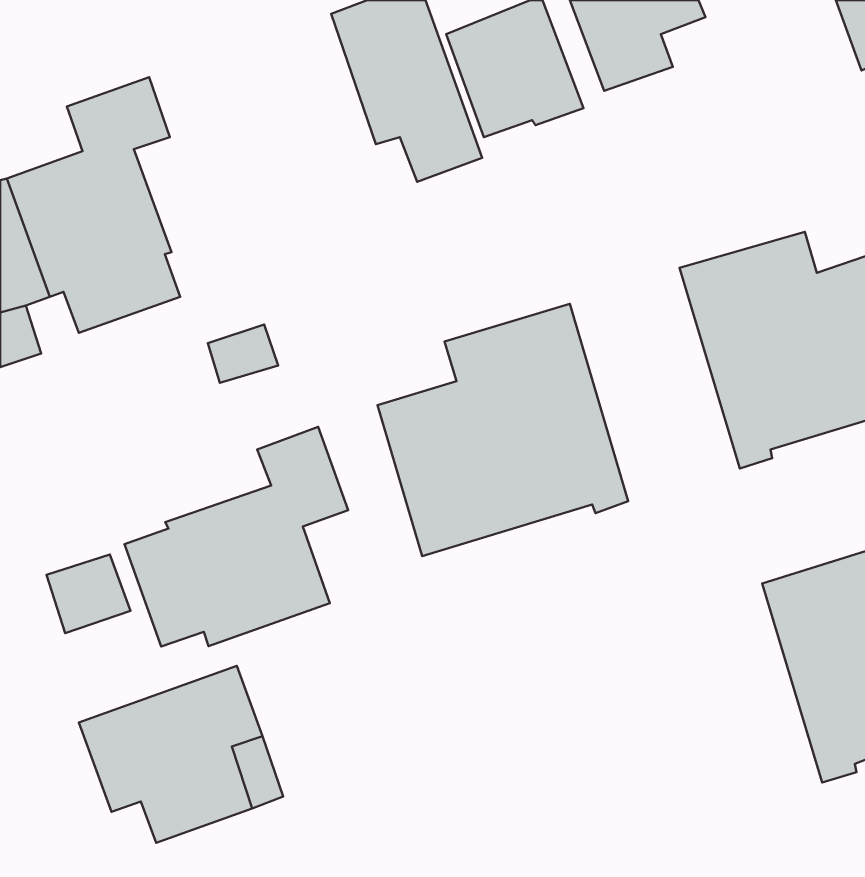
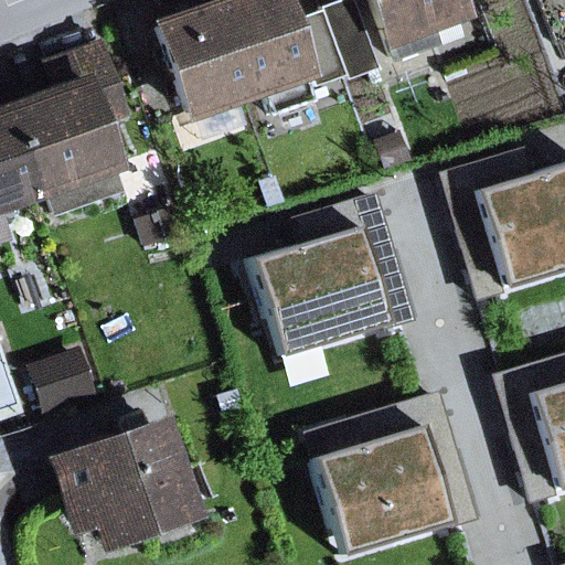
building: none -> [163,9,249,111]
building: [124,427,348,646] -> none
building: none -> [308,394,475,556]

